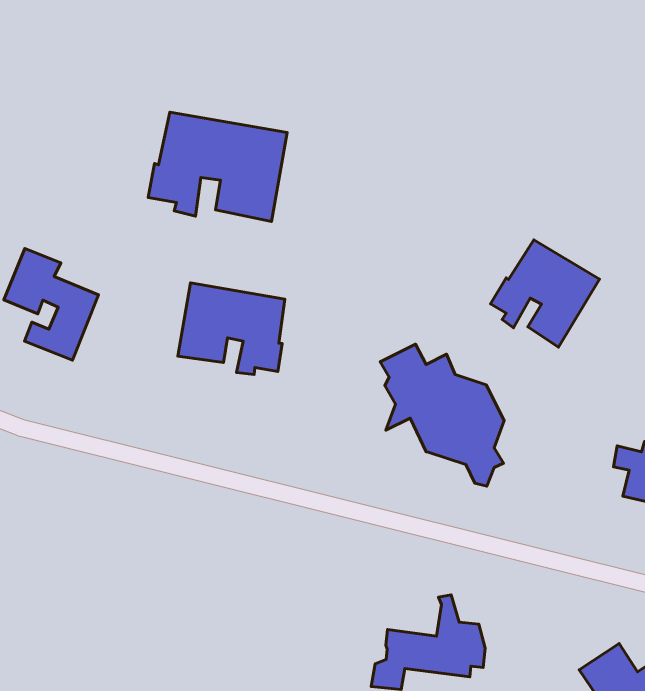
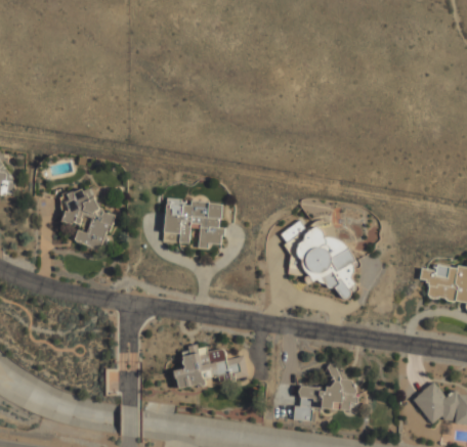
building: [148,112,287,222] -> none
building: [490,240,600,347] -> none
building: none -> [174,344,248,389]

